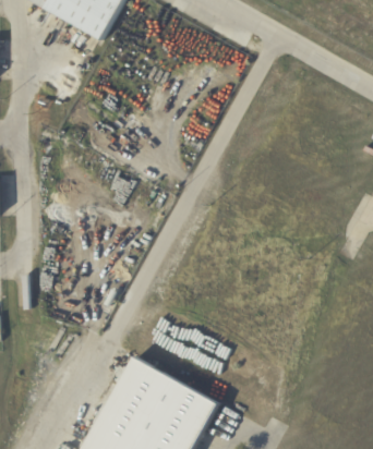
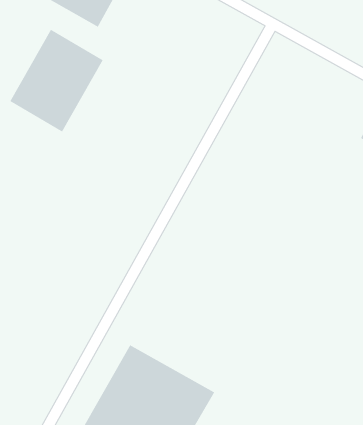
building: none -> [9,29,104,133]

